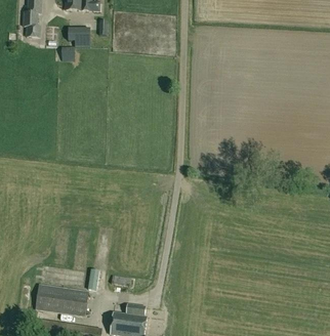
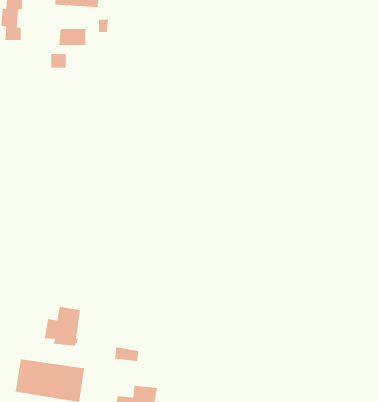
building: none -> [44,306,81,346]

